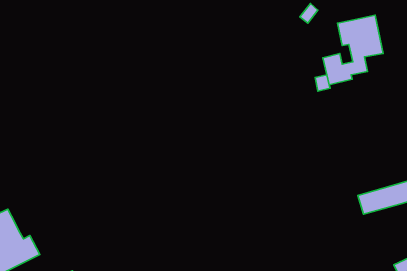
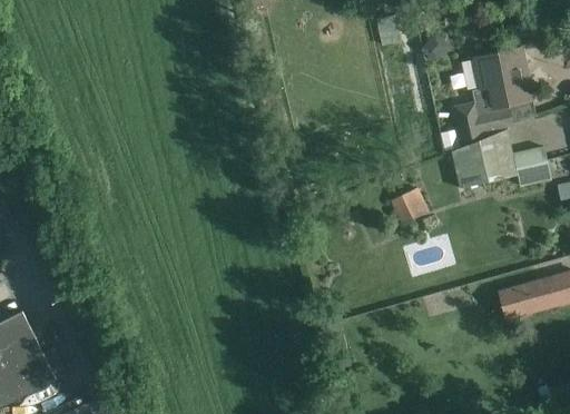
building: none -> [452,130,552,189]
building: none -> [391,188,430,225]

